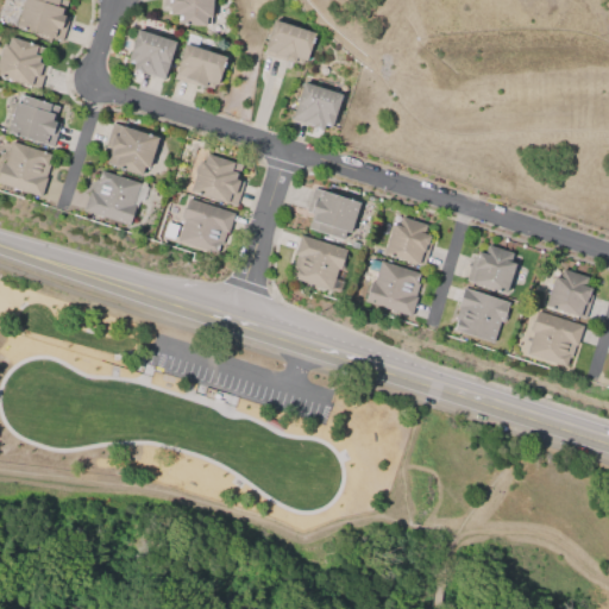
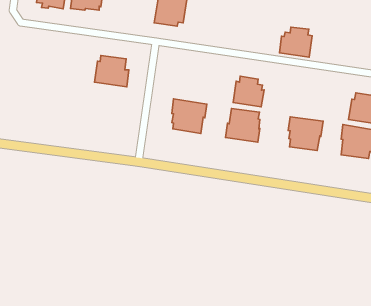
building: [106,123,162,175] -> none
building: [86,170,142,225] -> none
building: [307,188,362,240] -> none
building: [178,199,236,255] -> none
building: [466,246,517,294] -> [279,27,312,57]

